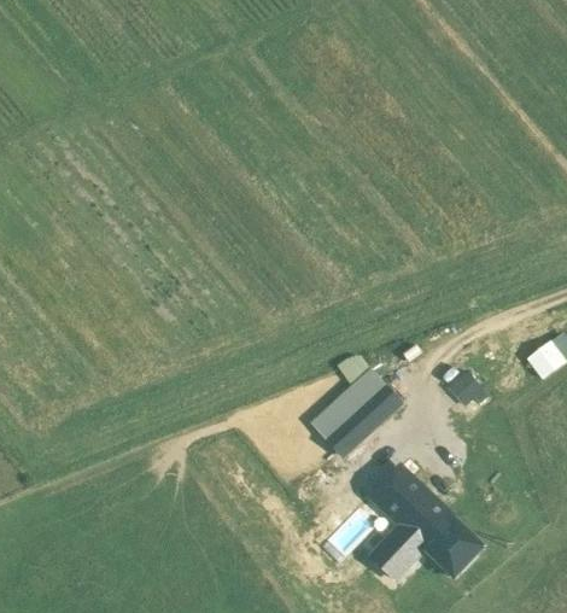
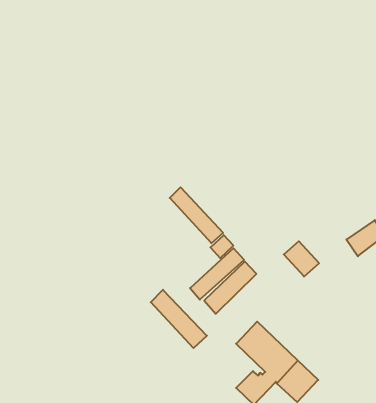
building: none -> [170,187,223,243]
building: none -> [151,290,207,348]

